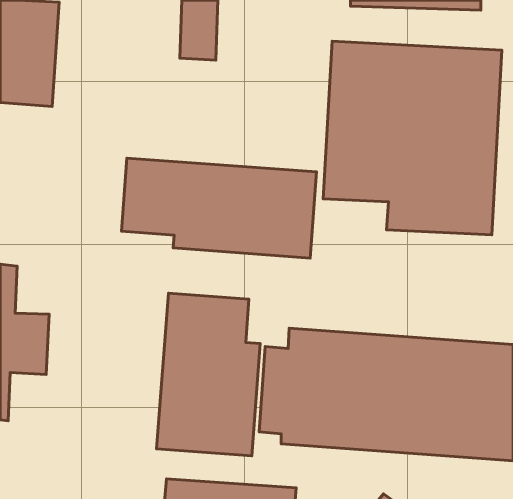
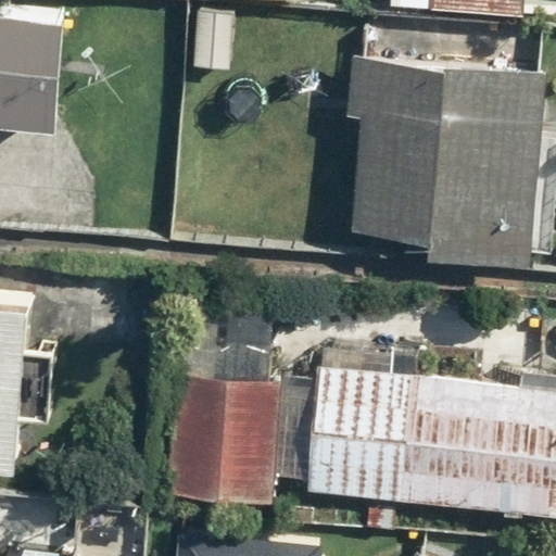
building: [121,158,316,258] -> none

